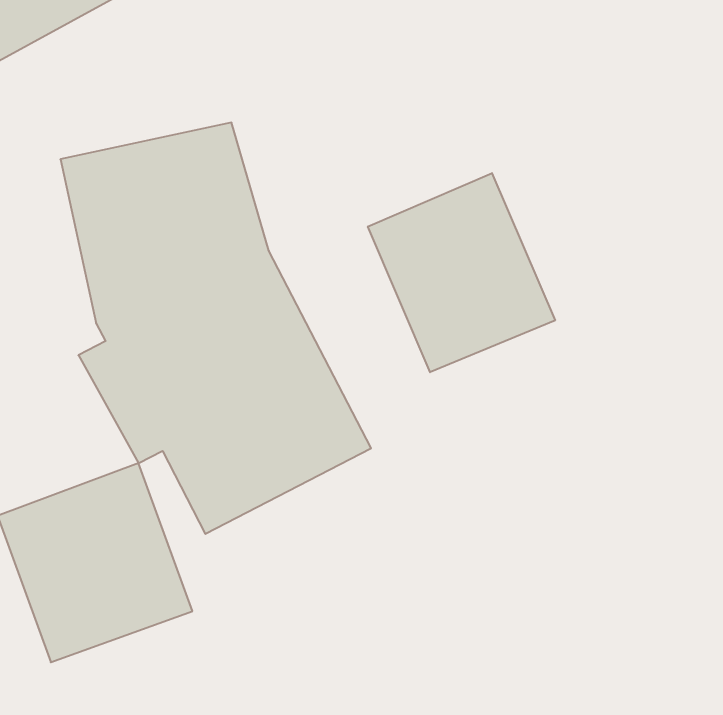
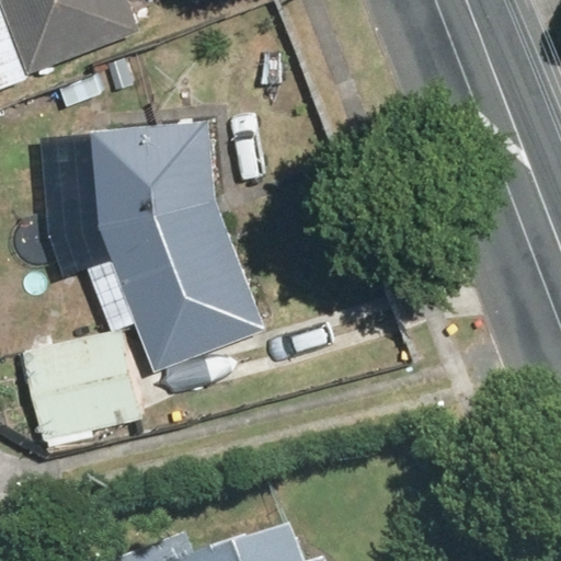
building: [368,173,555,372] -> none

